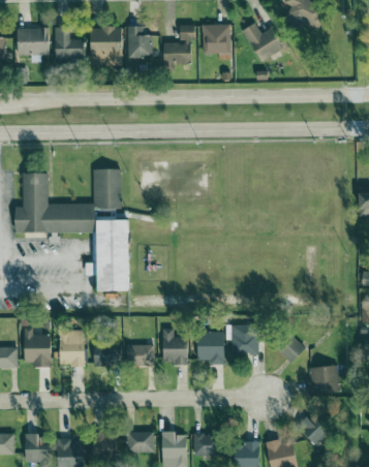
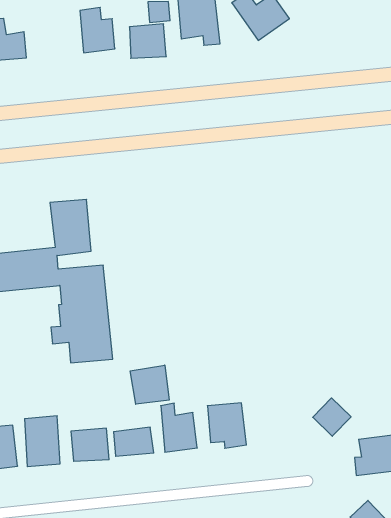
building: [91,26,123,65] -> none
building: none -> [130,365,169,404]
building: [232,324,258,353] -> none

